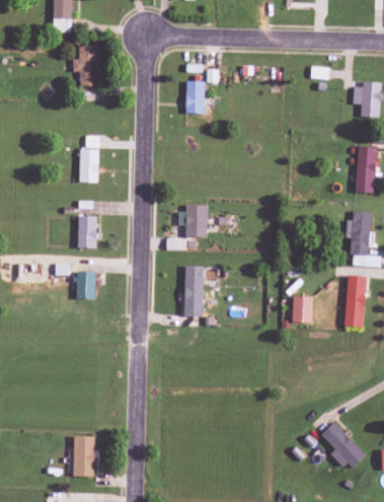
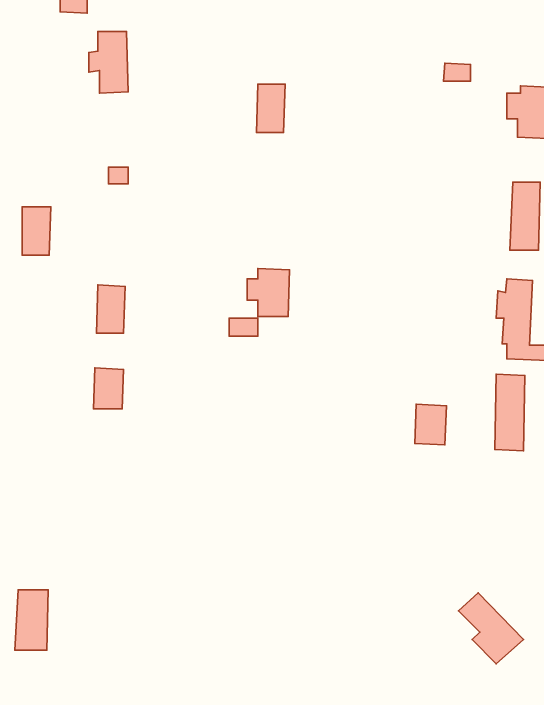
building: [80,149,99,182] -> [22,207,51,255]
building: [184,266,204,316] -> none
building: [73,435,95,476] -> [15,590,48,650]

